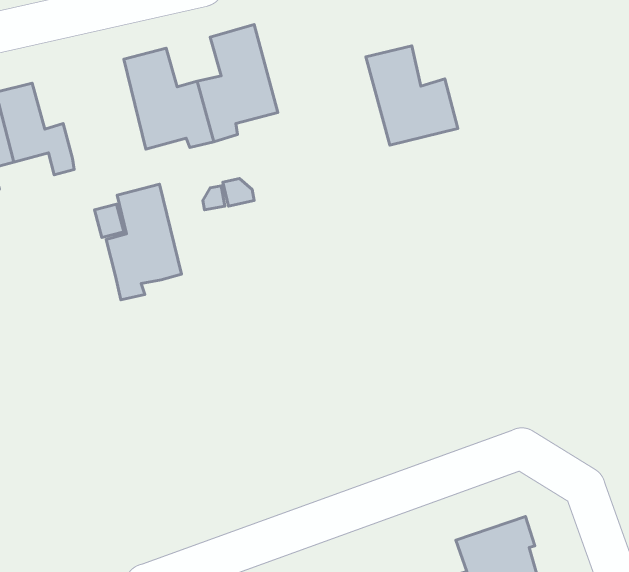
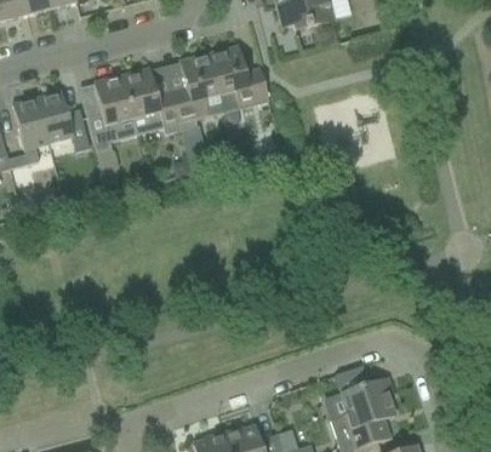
building: [366,46,458,145] -> [207,45,268,110]
building: [106,184,181,300] -> [86,75,136,151]

